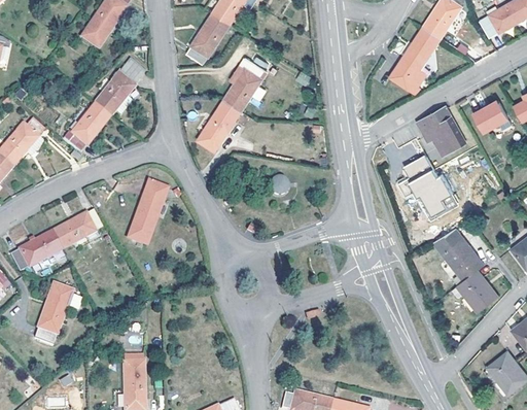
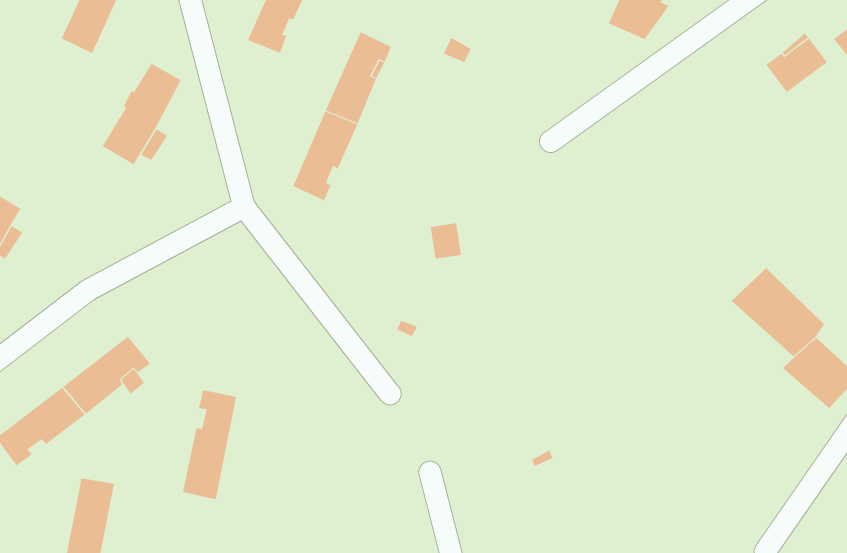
building: [63,100,111,151] -> none
building: [416,106,464,153] -> none
building: [401,153,457,220] -> none
building: [128,180,167,243] -> [182,389,237,500]

